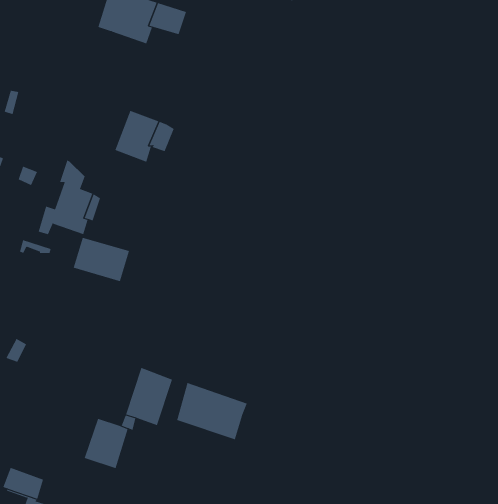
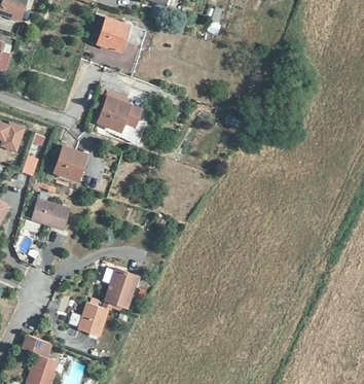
building: [73,237,130,282] -> [31,200,69,230]
building: [176,382,248,440] -> none

